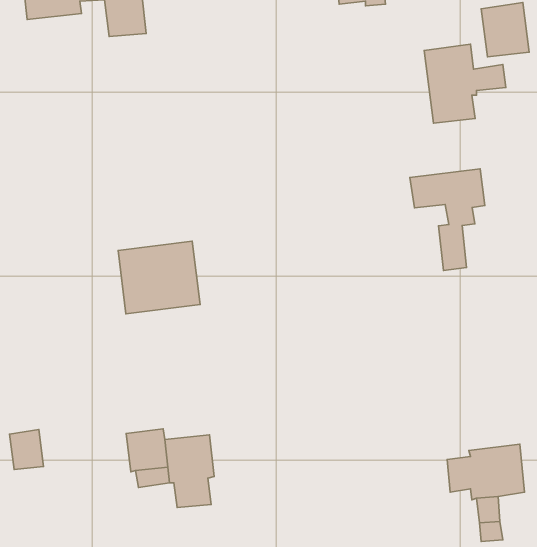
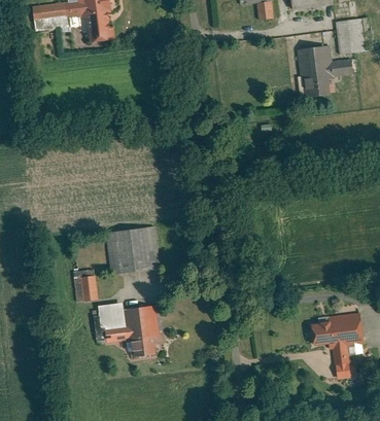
building: [410,169,485,270] -> none
building: [118,241,200,314] -> [105,224,160,273]
building: [9,429,43,470] -> [74,274,97,301]

